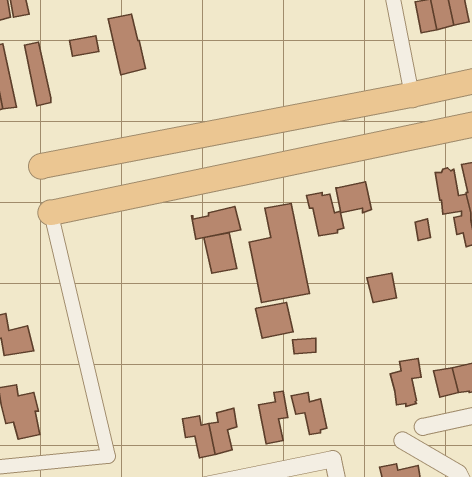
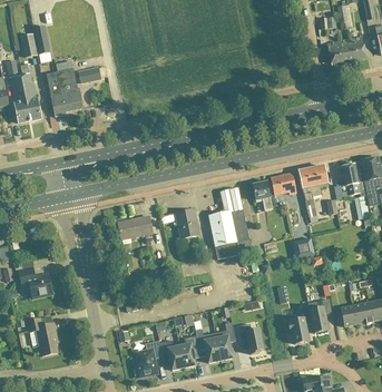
building: [108,14,145,75] -> [56,68,82,111]
building: none -> [298,165,327,200]
building: [191,207,241,239] -> [117,215,153,238]
building: [255,303,293,338] -> none
building: none -> [287,305,312,343]
building: none -> [195,329,219,362]
building: none -> [134,341,161,376]

